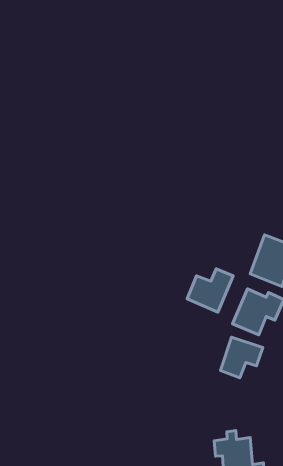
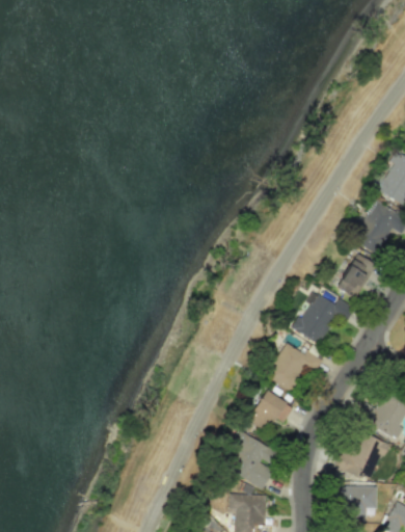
building: [187,269,233,312] -> none
building: none -> [224,432,277,489]

